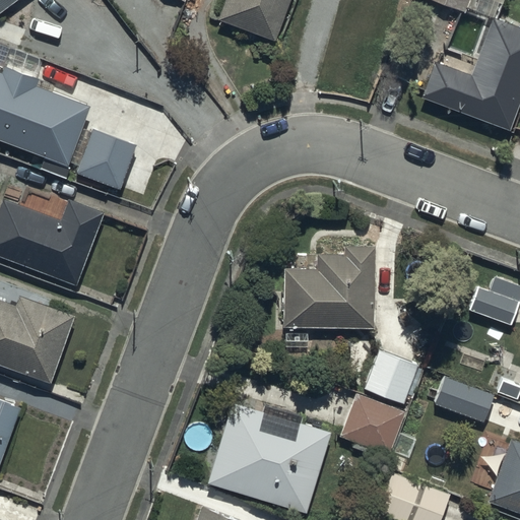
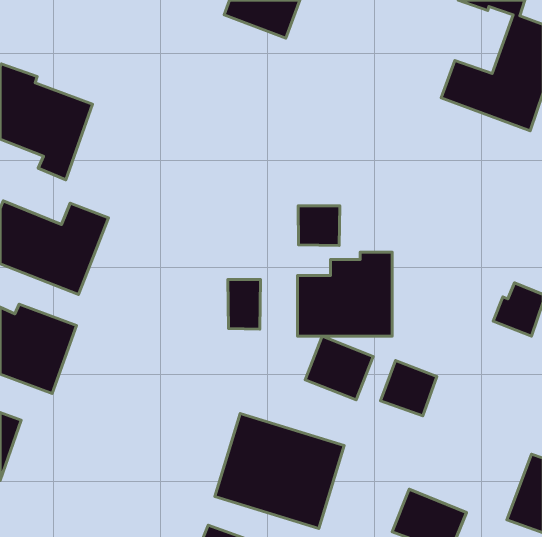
building: [76,130,136,190] -> none
building: none -> [298,206,340,245]
building: none -> [228,279,260,329]
building: [435,377,496,422] -> none
building: [340,393,405,454] -> [305,336,373,400]

